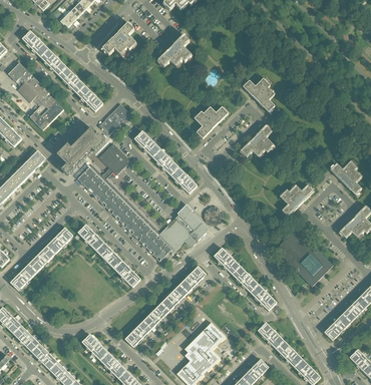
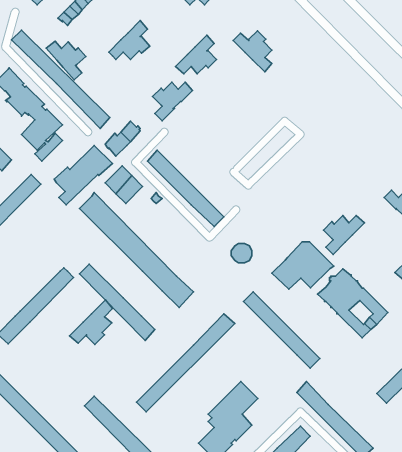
building: none -> [46,41,86,80]
building: [242,78,274,112] -> [233,31,272,72]
building: [194,106,227,138] -> [153,82,193,121]
building: [240,125,273,156] -> none
building: [157,209,209,248] -> [272,242,334,289]
building: none -> [69,300,113,345]

